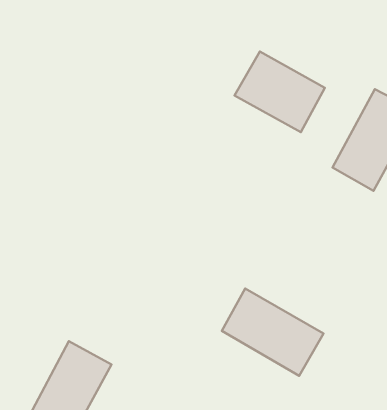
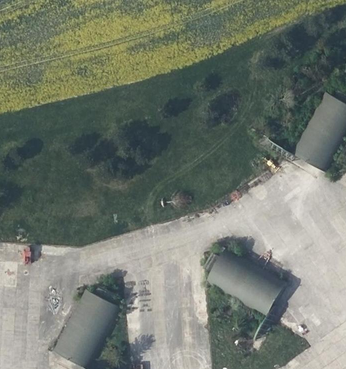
building: [234,51,325,132] -> none

